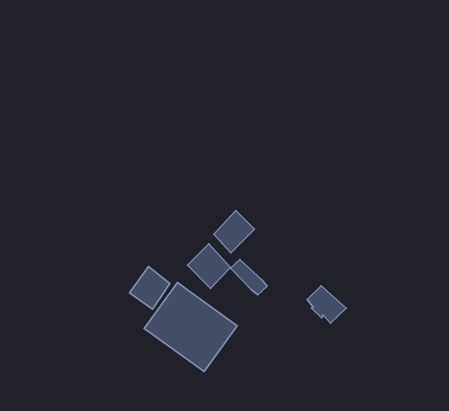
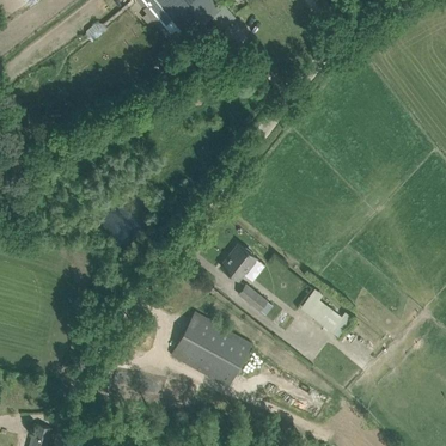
building: [188,244,230,288] -> none
building: [130,266,170,309] -> none

